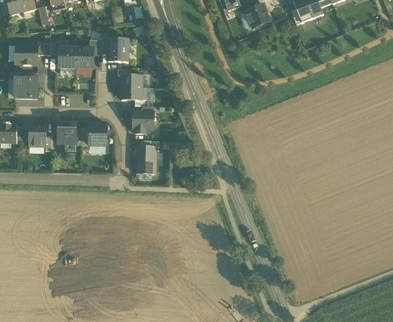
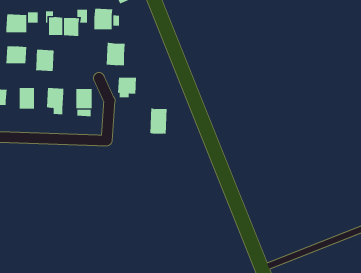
building: none -> [35,49,54,72]
building: [135,145,154,173] -> [150,108,168,134]

